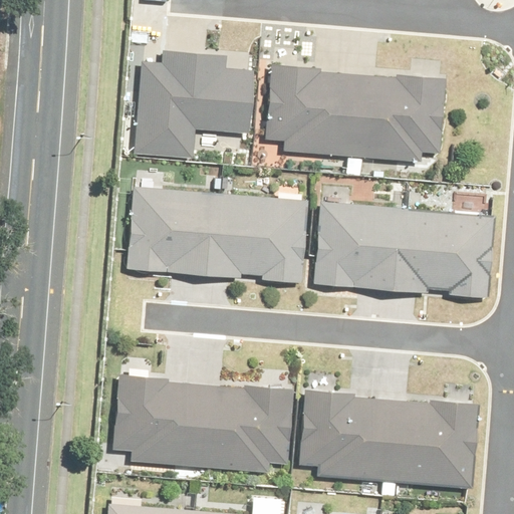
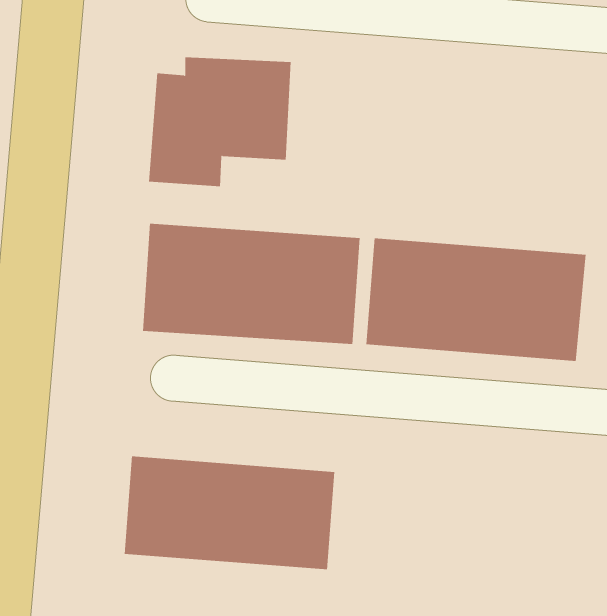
building: [264,68,446,164] -> none
building: [296,391,476,489] -> none

